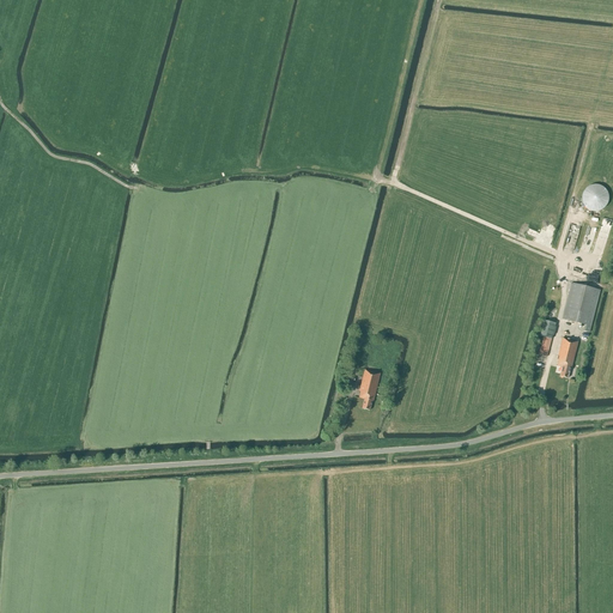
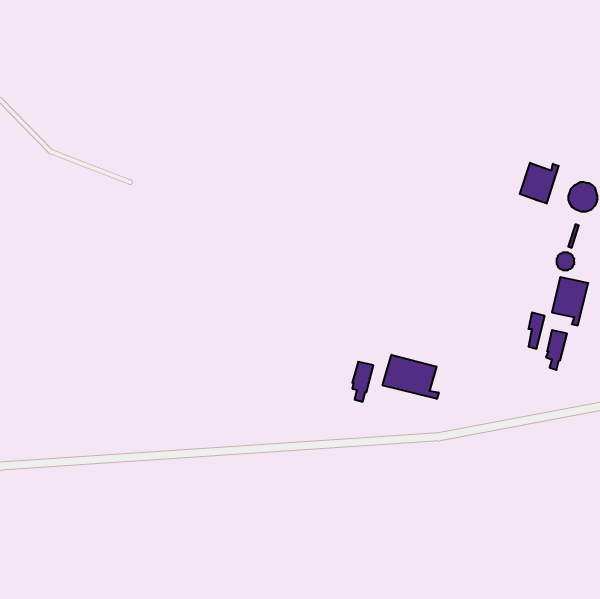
building: none -> [520,163,559,204]
building: none -> [383,355,439,399]

